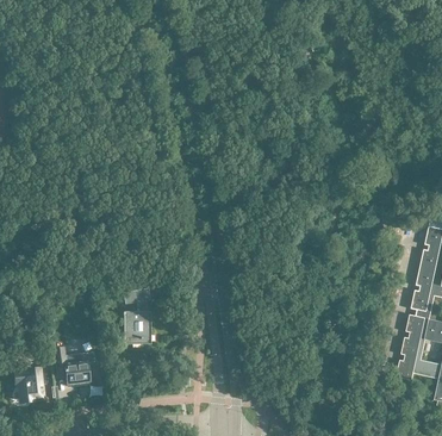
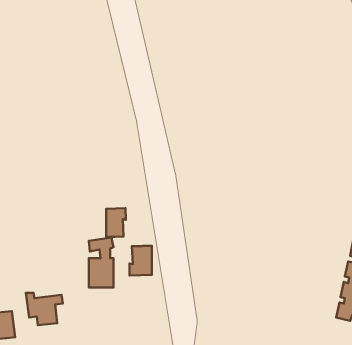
building: none -> [106,208,126,237]
building: none -> [129,246,152,275]

